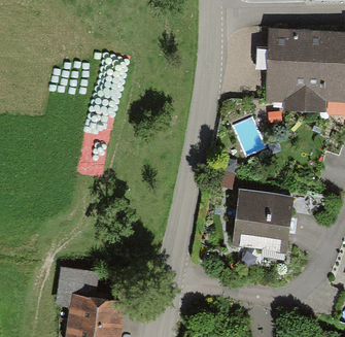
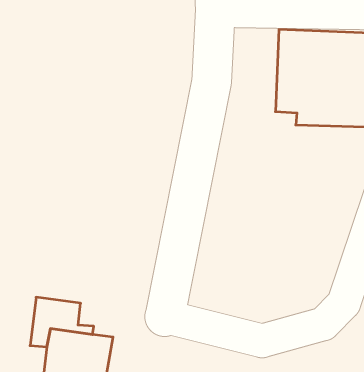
building: [234,192,291,250] -> none

